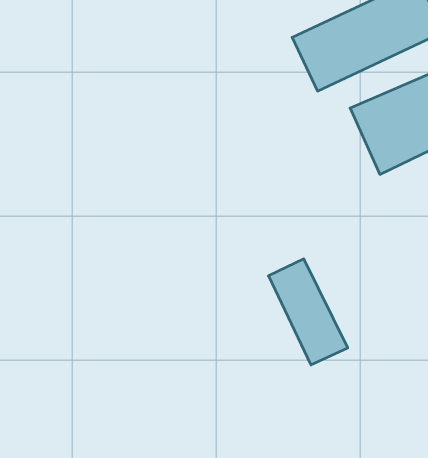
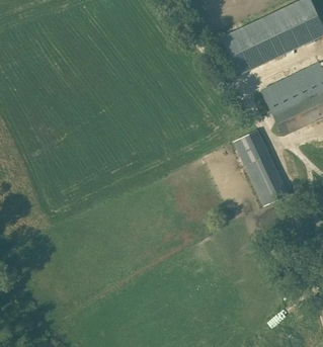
building: [268,259,348,365] -> [233,131,290,206]

